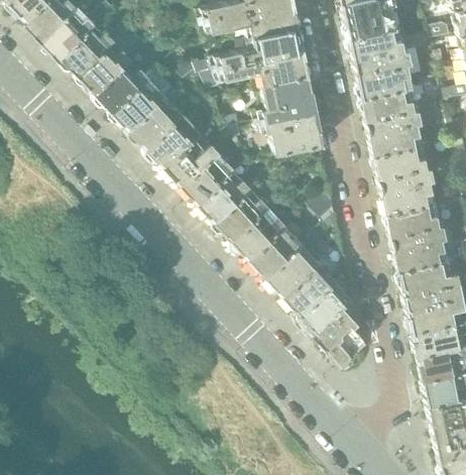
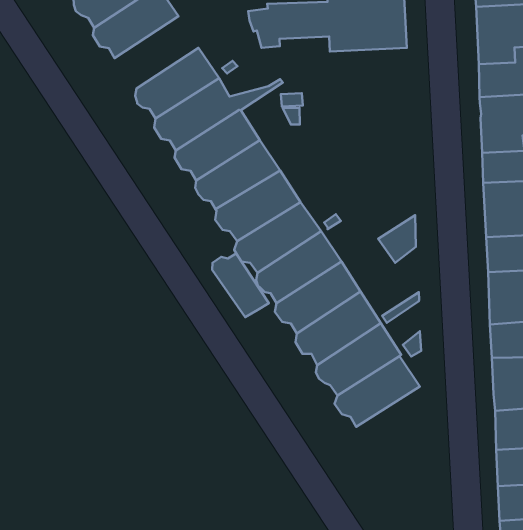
building: [253,72,322,153] -> none
building: [111,76,166,129] -> none
building: none -> [212,254,269,317]
building: [312,296,364,366] -> none

